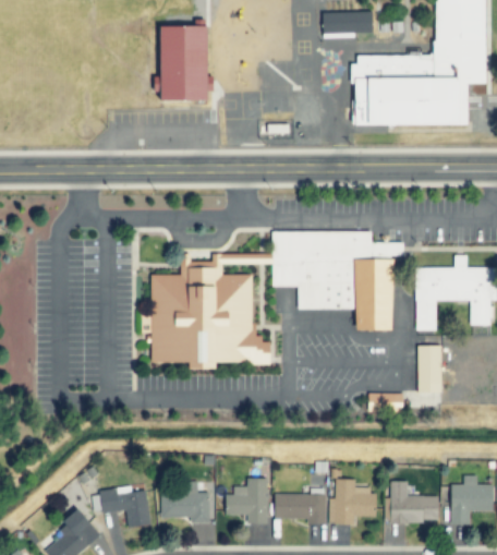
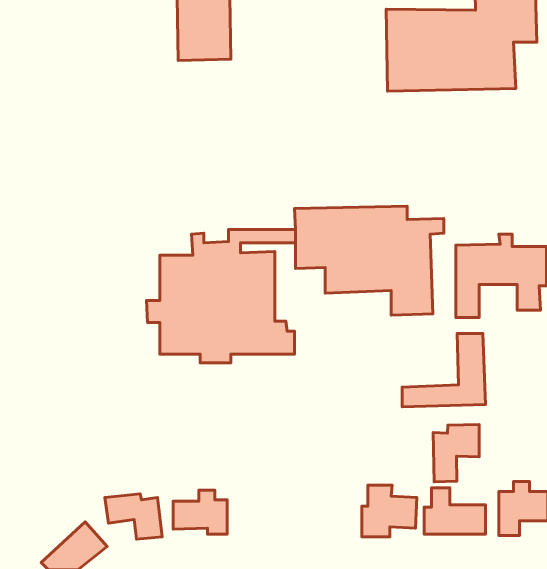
building: none -> [433,424,479,482]
building: [226,478,269,524] -> none
building: [276,494,326,524] -> none

